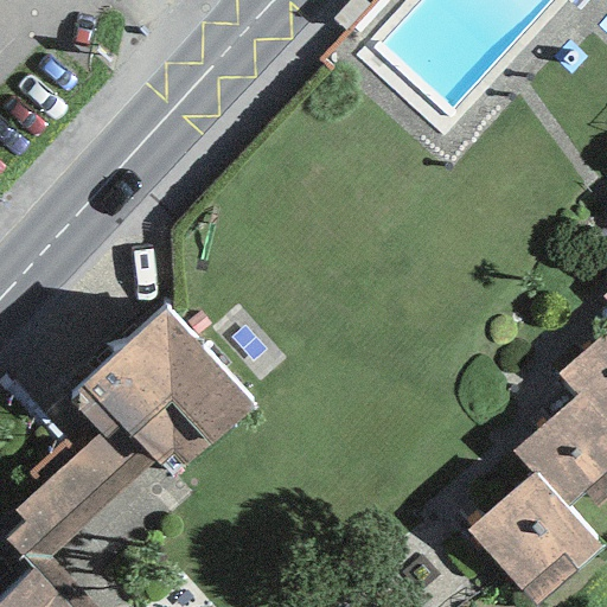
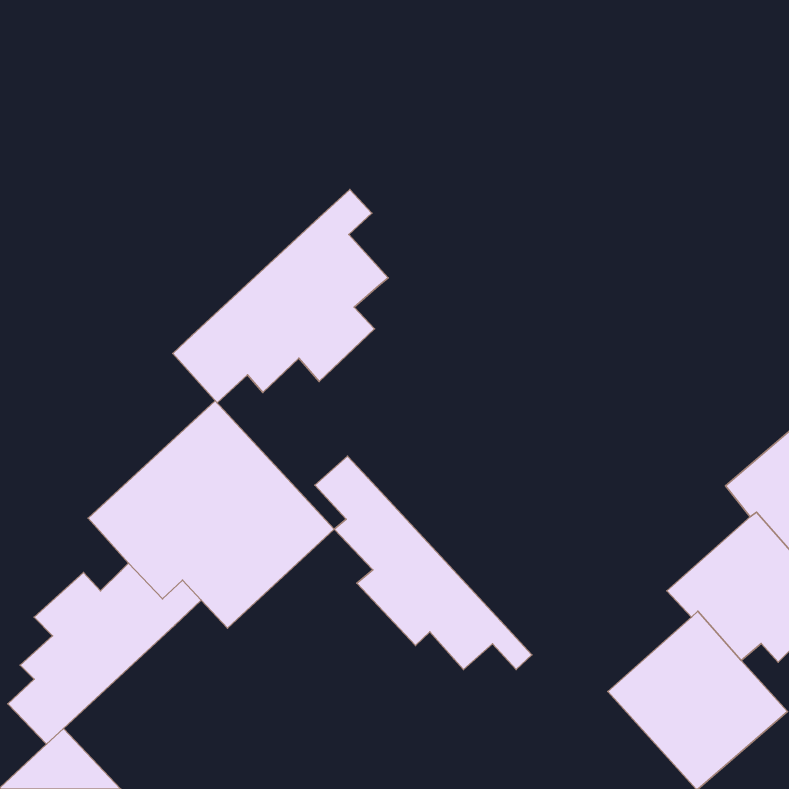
building: none -> [173,190,388,403]
building: none -> [315,456,532,670]

